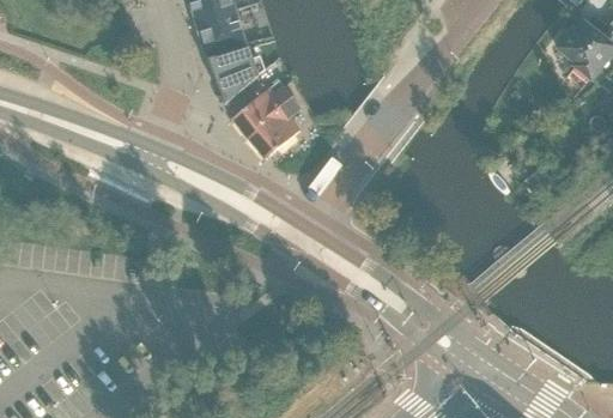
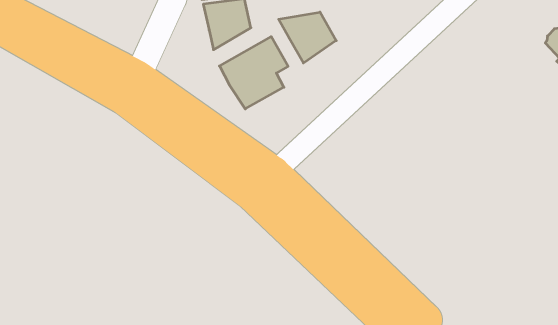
building: none -> [279,12,336,63]

